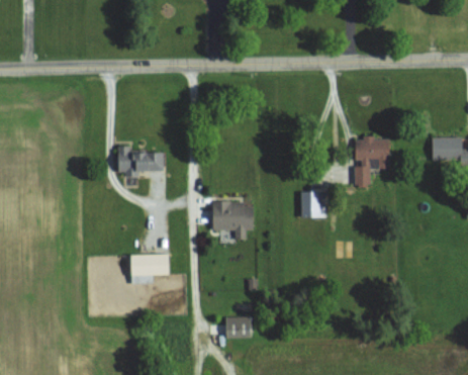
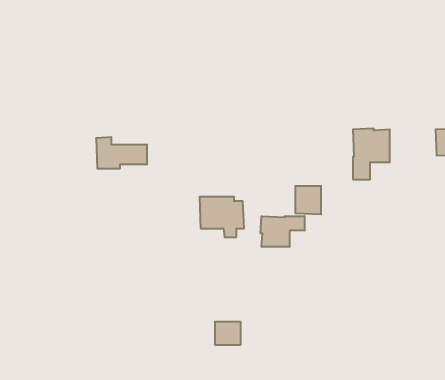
building: none -> [261,216,305,247]
building: [130,254,169,284] -> none

